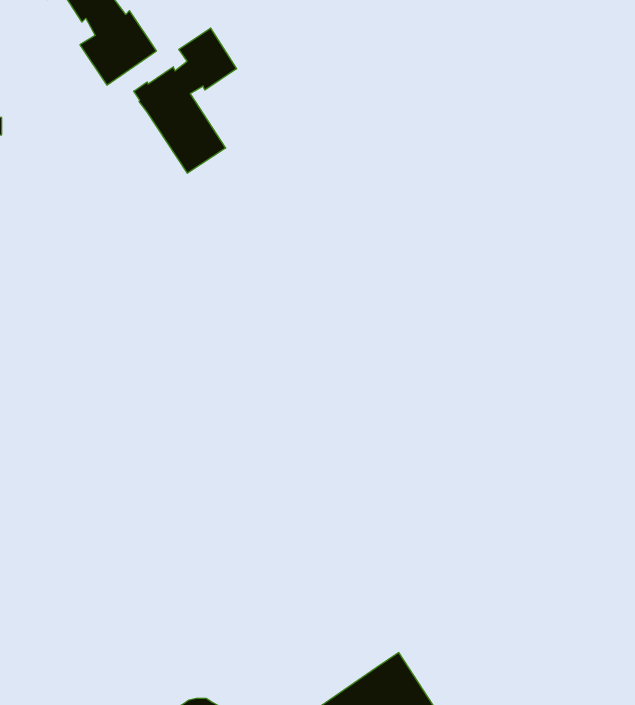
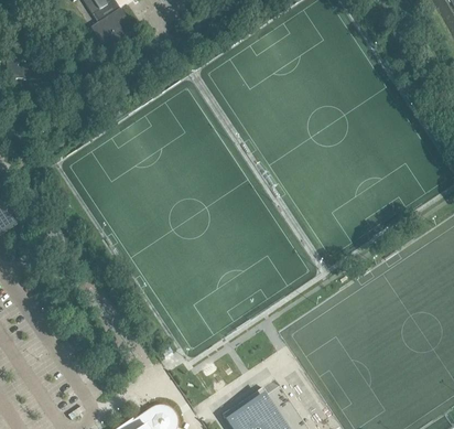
building: [134,28,237,173] -> none

